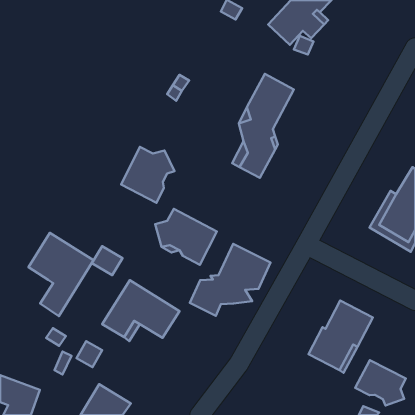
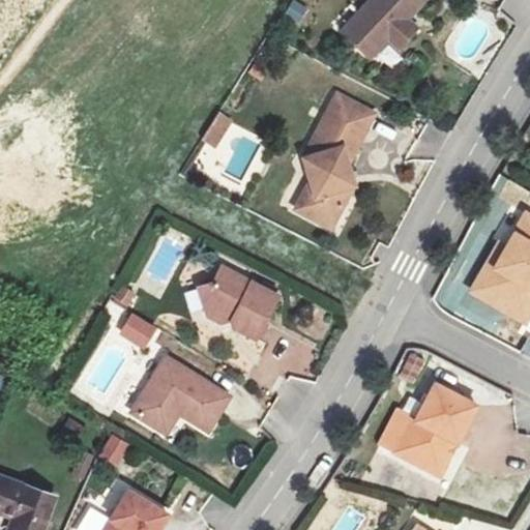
building: [121,147,175,203] -> none
building: [29,233,93,316] -> none
building: [190,244,271,316] -> none
building: [355,360,406,405] -> none

